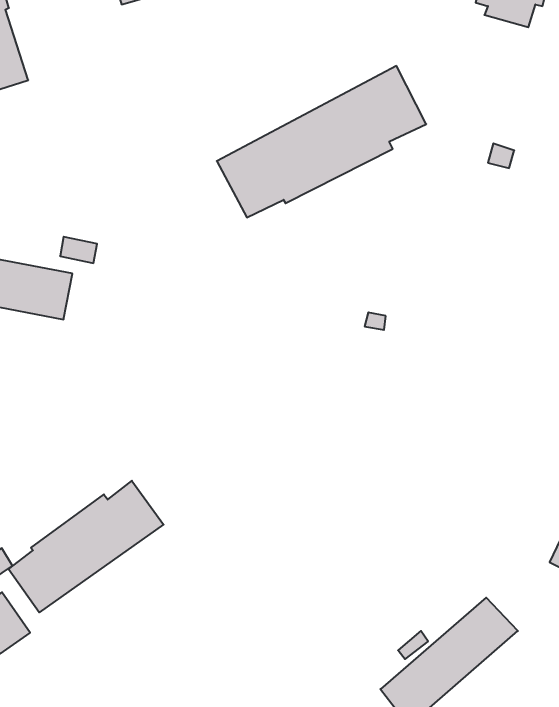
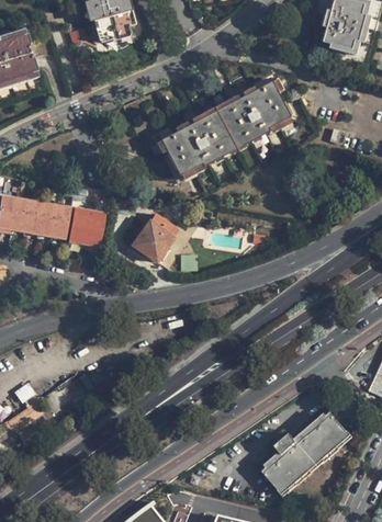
building: none -> [67,207,104,251]
building: none -> [132,213,180,263]
building: [9,481,164,612] -> none

